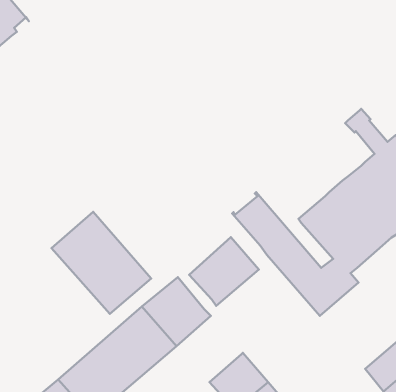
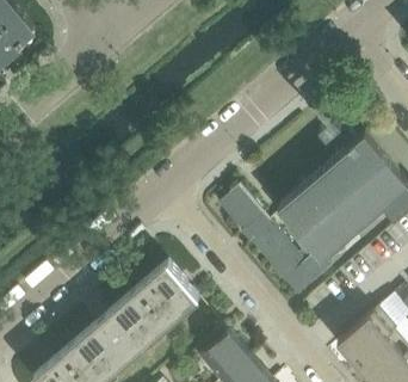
building: [51,212,151,314] -> none
building: [189,237,259,306] -> none

